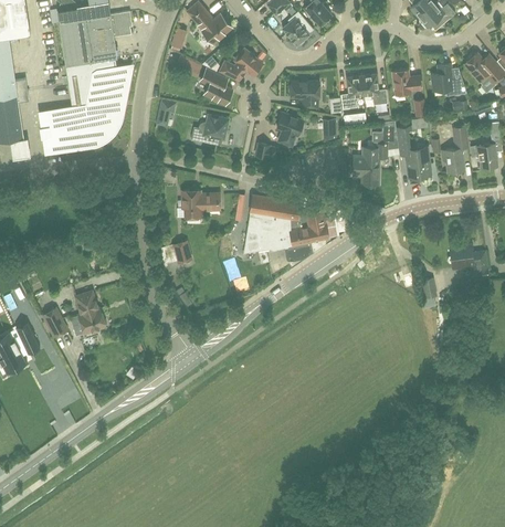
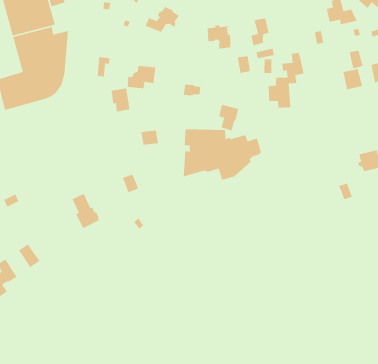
building: [199,68,231,104] -> none
building: [392,68,422,94] -> none
building: [360,74,386,104] -> none
building: [276,113,302,146] -> [218,104,239,131]
building: [396,126,430,176] -> none
building: [181,189,201,217] -> [111,87,130,112]
building: [76,291,106,333] -> [72,193,100,229]

